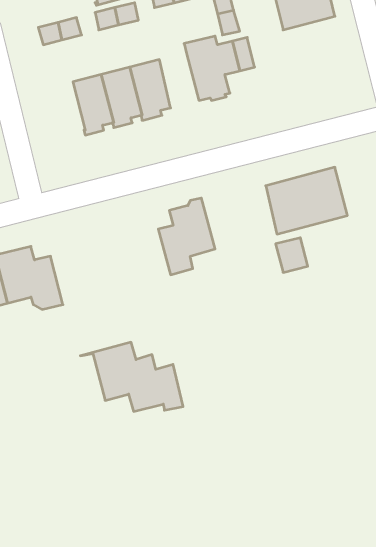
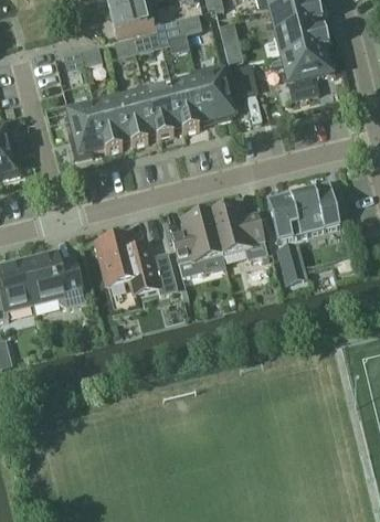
building: none -> [282,46,332,98]
building: none -> [171,78,207,131]
building: none -> [67,104,105,159]
building: none -> [209,203,267,259]
building: [80,342,183,411] -> [84,232,176,294]

